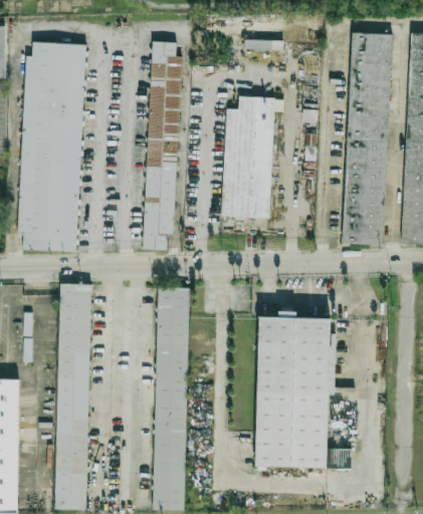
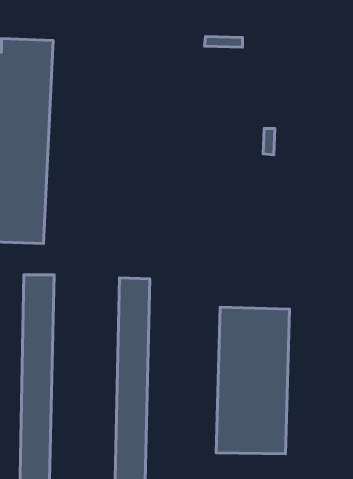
building: [341,31,391,244] -> none
building: [145,38,185,250] -> none
building: [220,95,274,218] -> none

